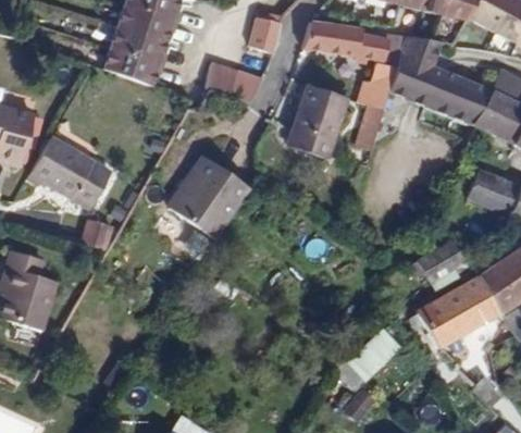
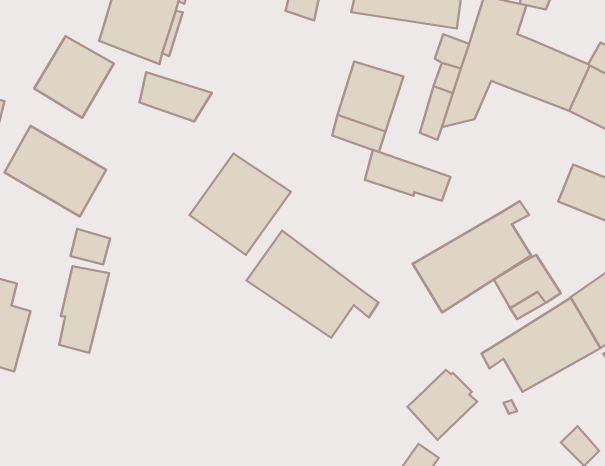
building: [208,62,265,101] -> [139,72,212,122]
building: none -> [34,36,114,118]
building: none -> [365,150,451,201]
building: none -> [412,201,531,312]
building: none -> [247,230,379,338]
building: none -> [59,266,109,353]

